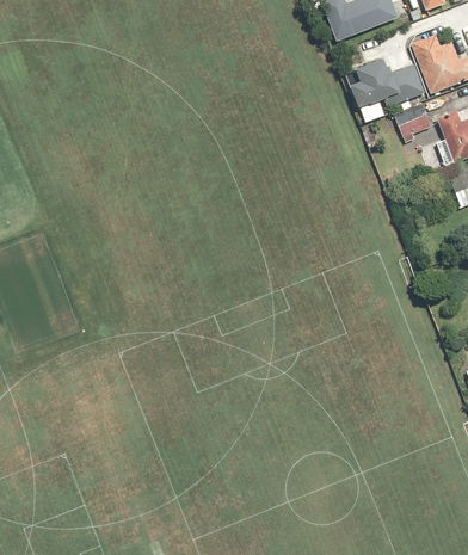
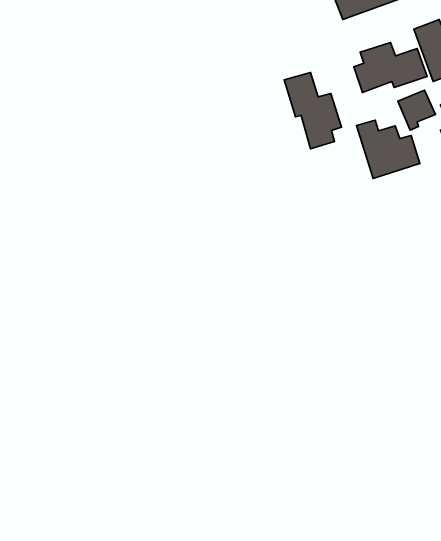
building: none -> [284,72,342,149]
building: none -> [356,120,420,178]

